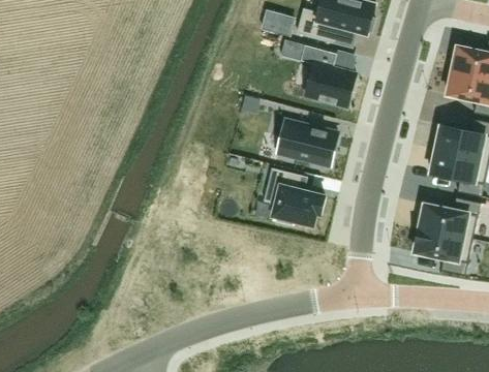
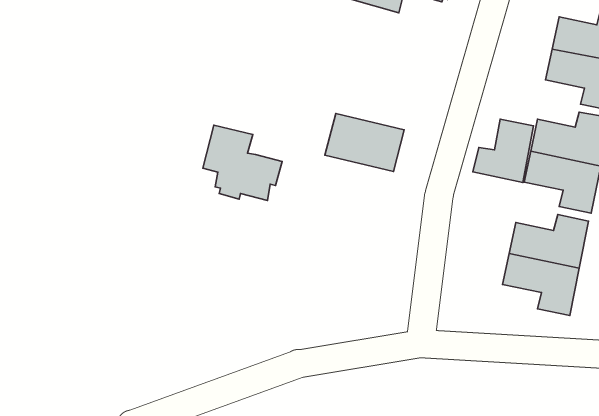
building: [299,44,355,105] -> none
building: none -> [473,119,533,182]
building: [263,167,324,225] -> [203,125,282,200]

